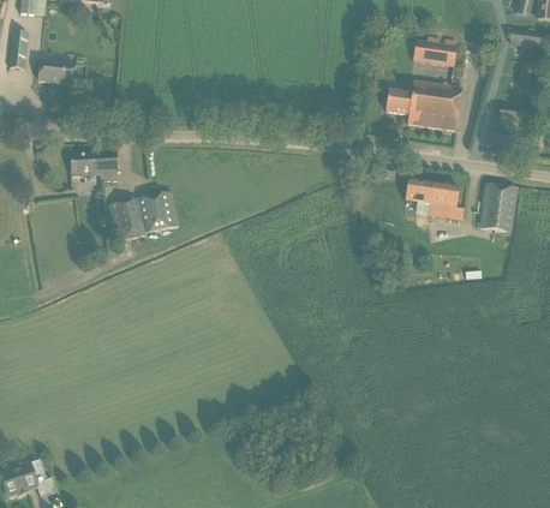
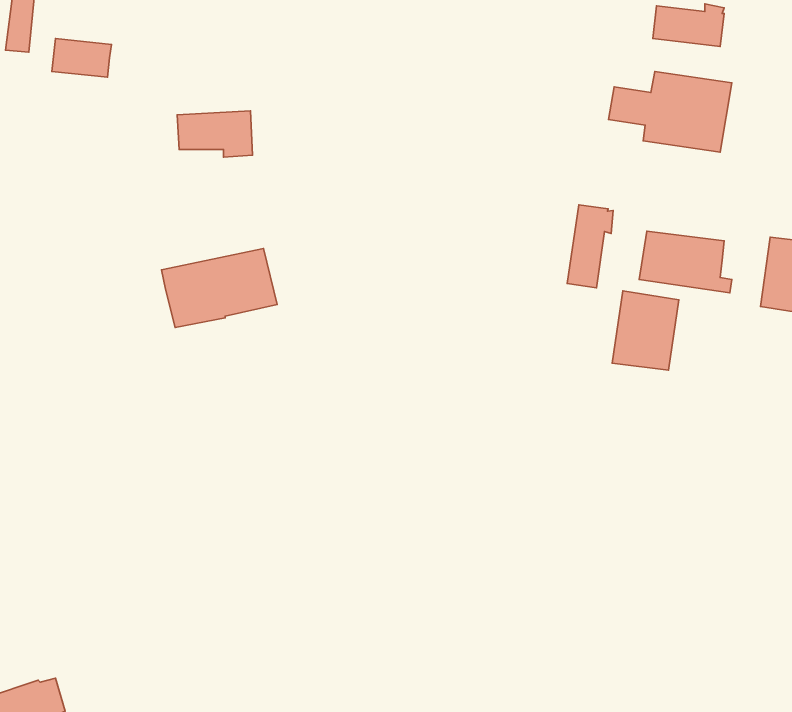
building: [70,151,116,180] -> [177,111,252,157]
building: none -> [567,205,613,288]
building: none -> [612,291,679,370]

